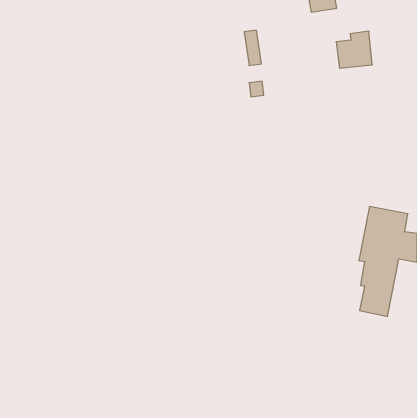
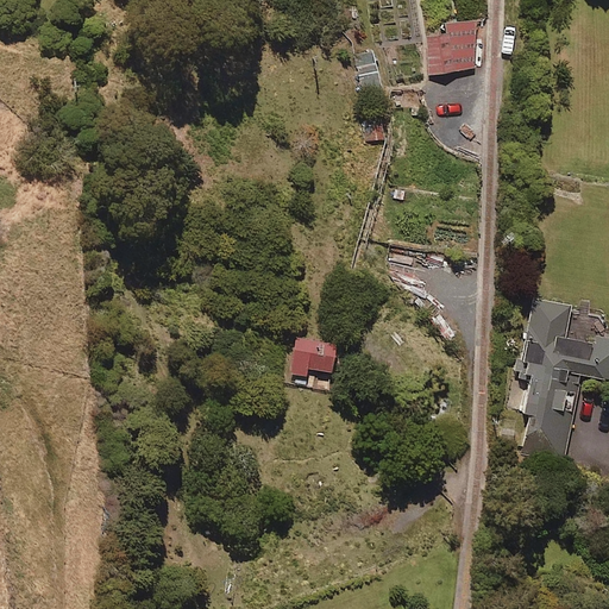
building: [336,31,372,68] -> [425,20,477,74]
building: none -> [290,334,337,371]

